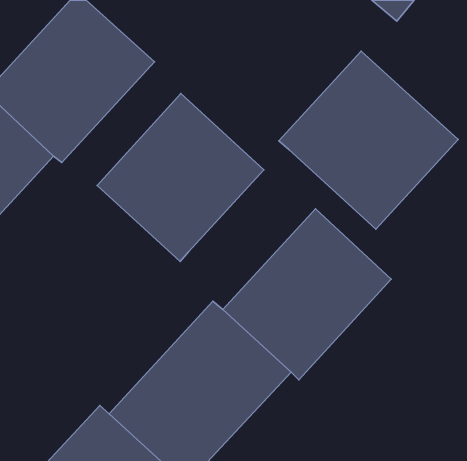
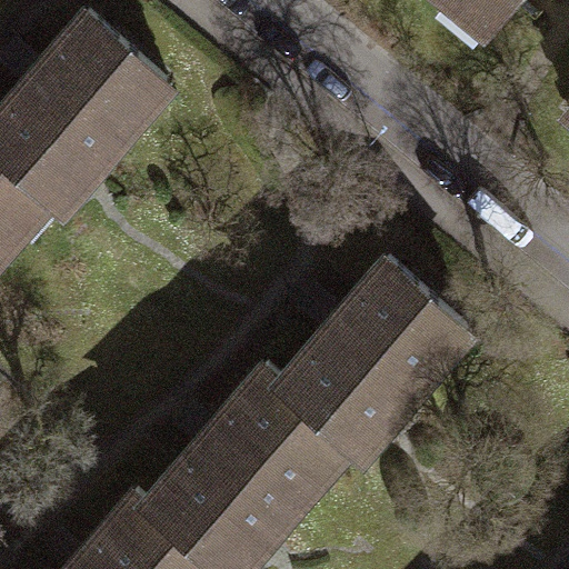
building: [279,51,458,229] -> none
building: [97,94,264,261] -> none

